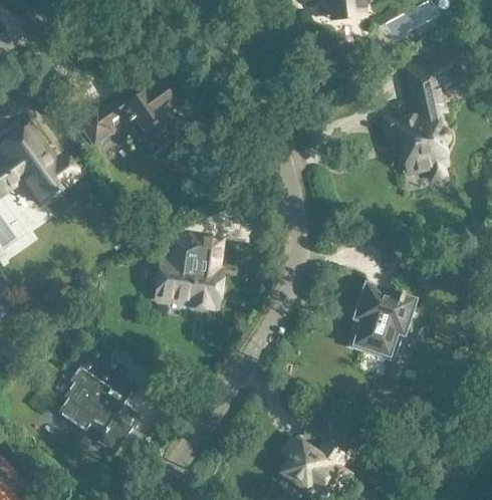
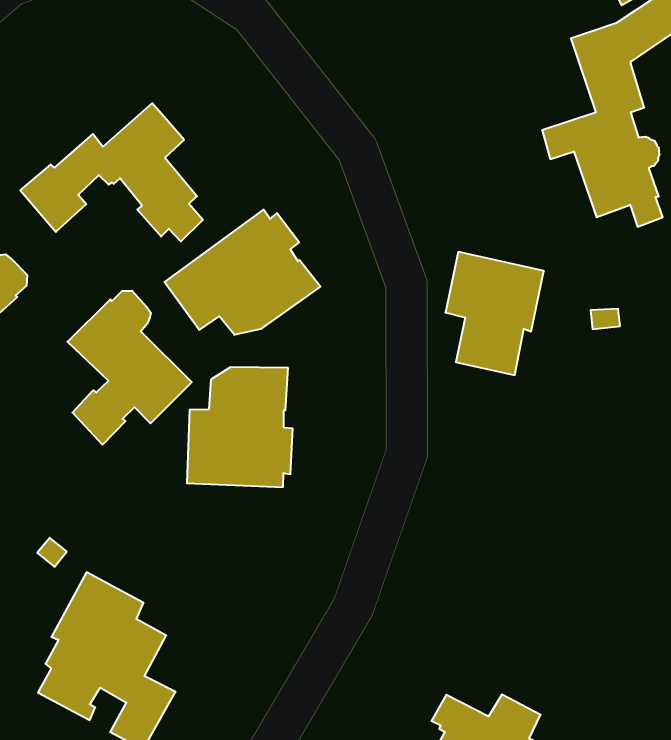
building: none -> [164,210,320,335]
building: none -> [67,291,192,445]
building: [353,285,413,359] -> [445,252,544,375]

